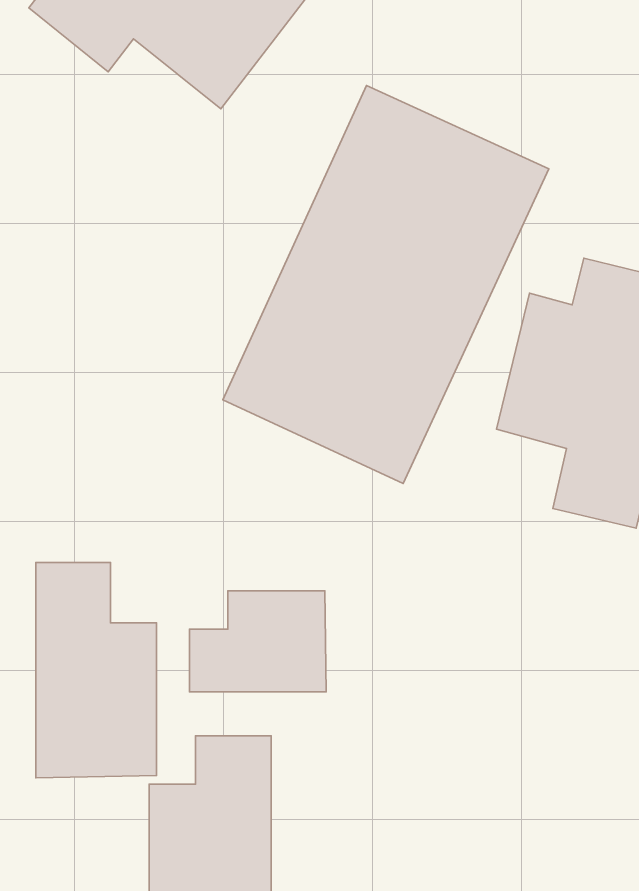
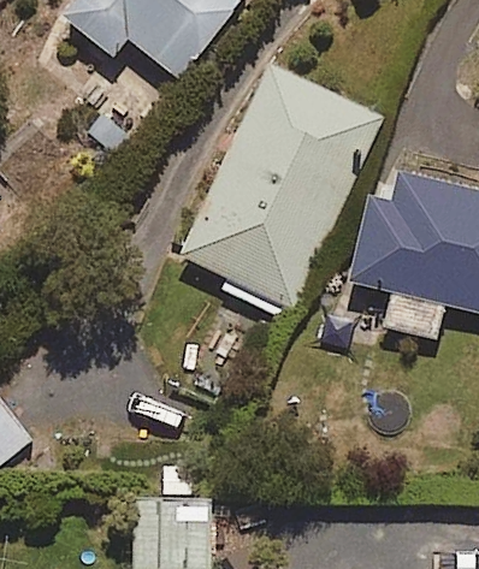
building: [36,562,157,778] -> none
building: [190,591,326,692] -> none

